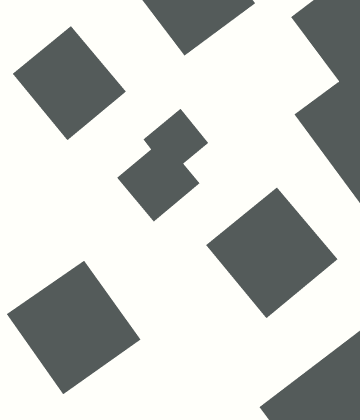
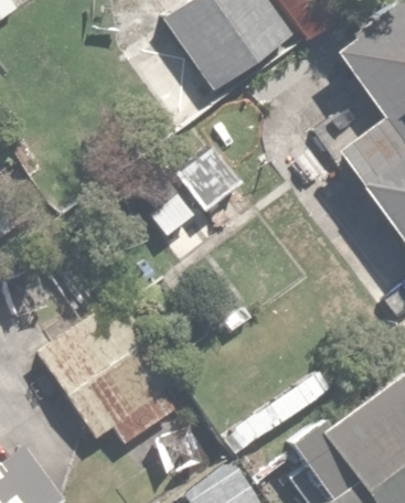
building: [12,25,127,141] -> none
building: [205,186,338,319] -> none

